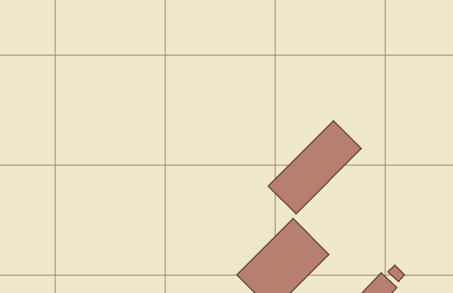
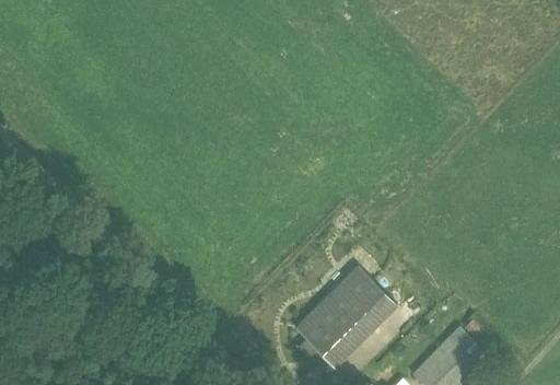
building: [268,121,361,214] -> none

